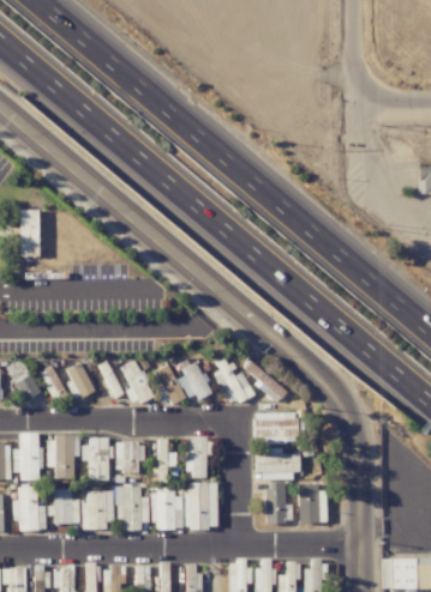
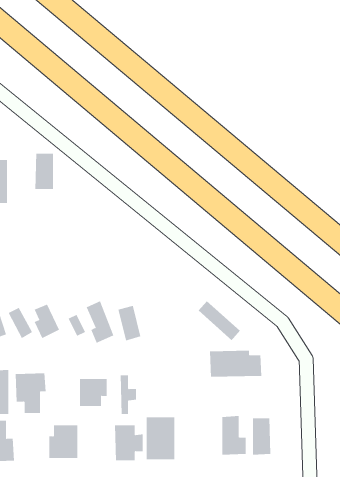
building: none -> [35,153,53,190]
building: [215,357,255,405] -> none
building: [178,364,211,401] -> none
building: [83,437,112,481] -> none
building: [186,439,212,476] -> none
building: [255,448,299,479] -> none
building: [116,487,149,531] -> none
building: [52,489,80,524] -> none

